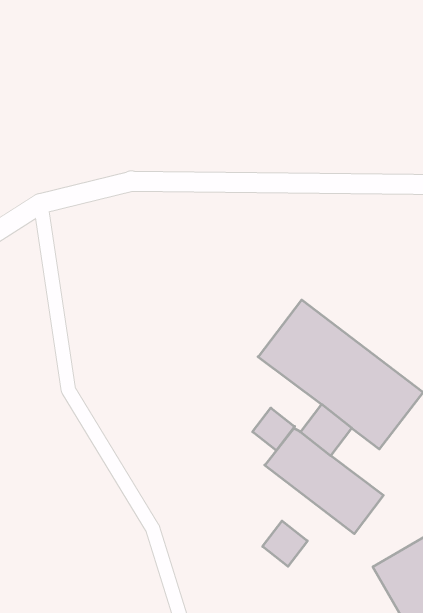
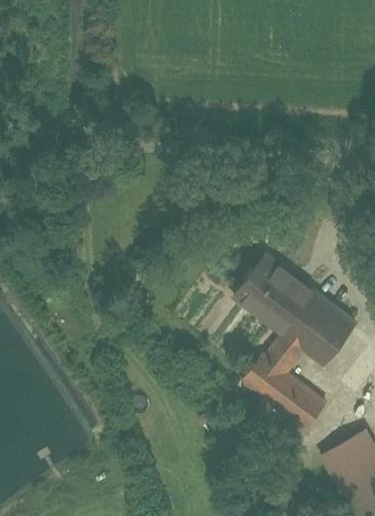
building: [253,408,295,450] -> none
building: [263,521,307,566] -> none

